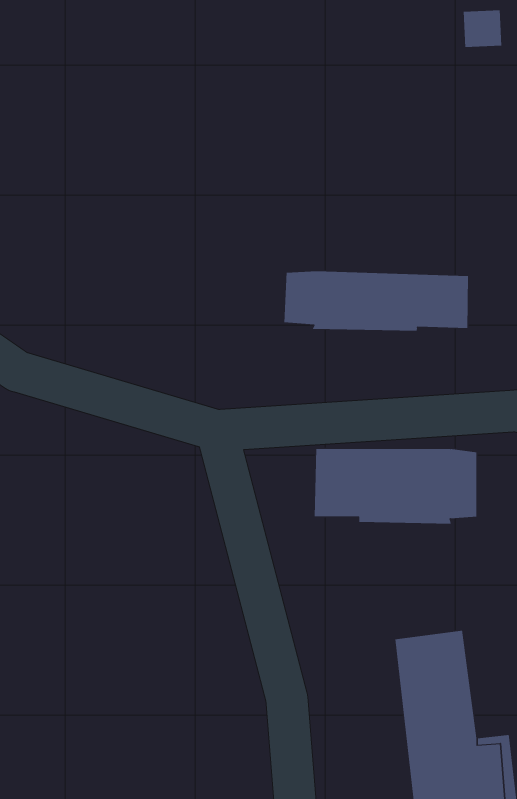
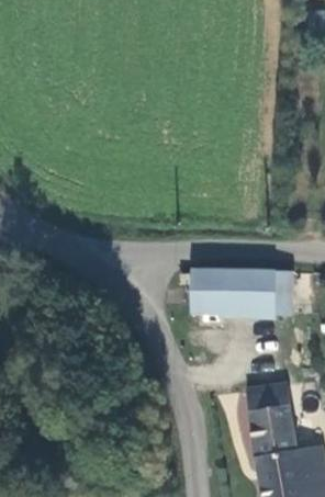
building: [284,270,468,332] -> none

